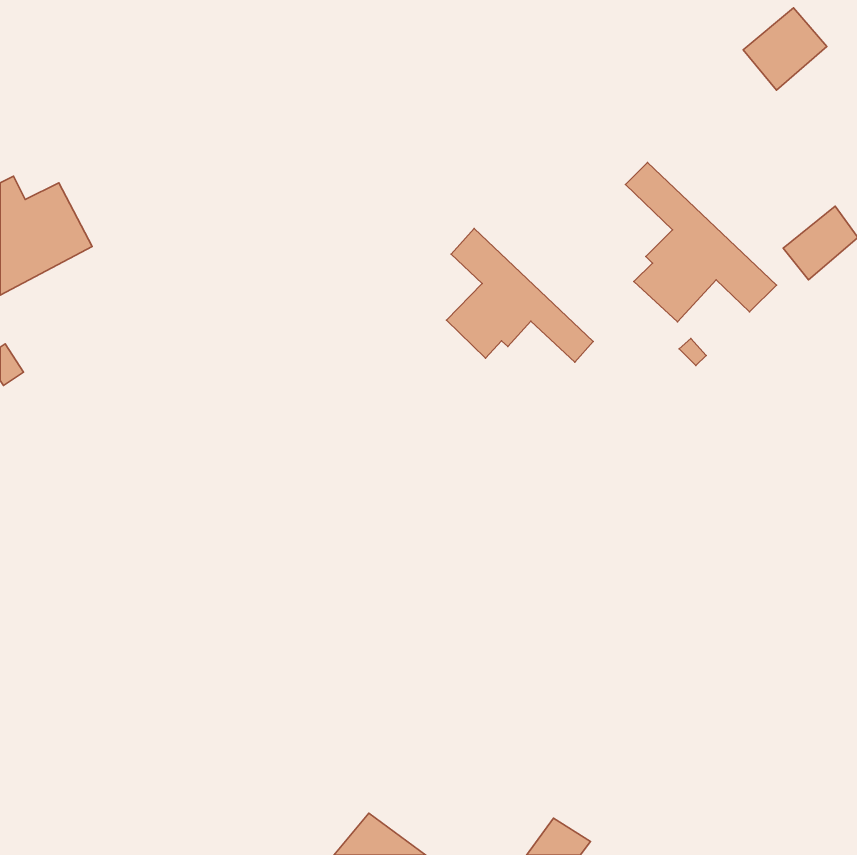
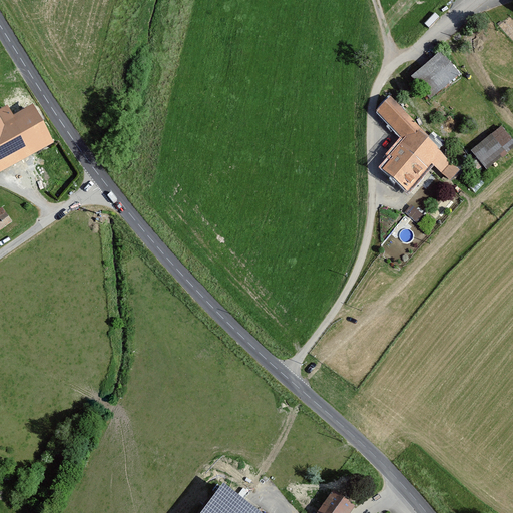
building: [743,8,827,90] -> [408,50,458,99]
building: [446,229,593,362] -> none

